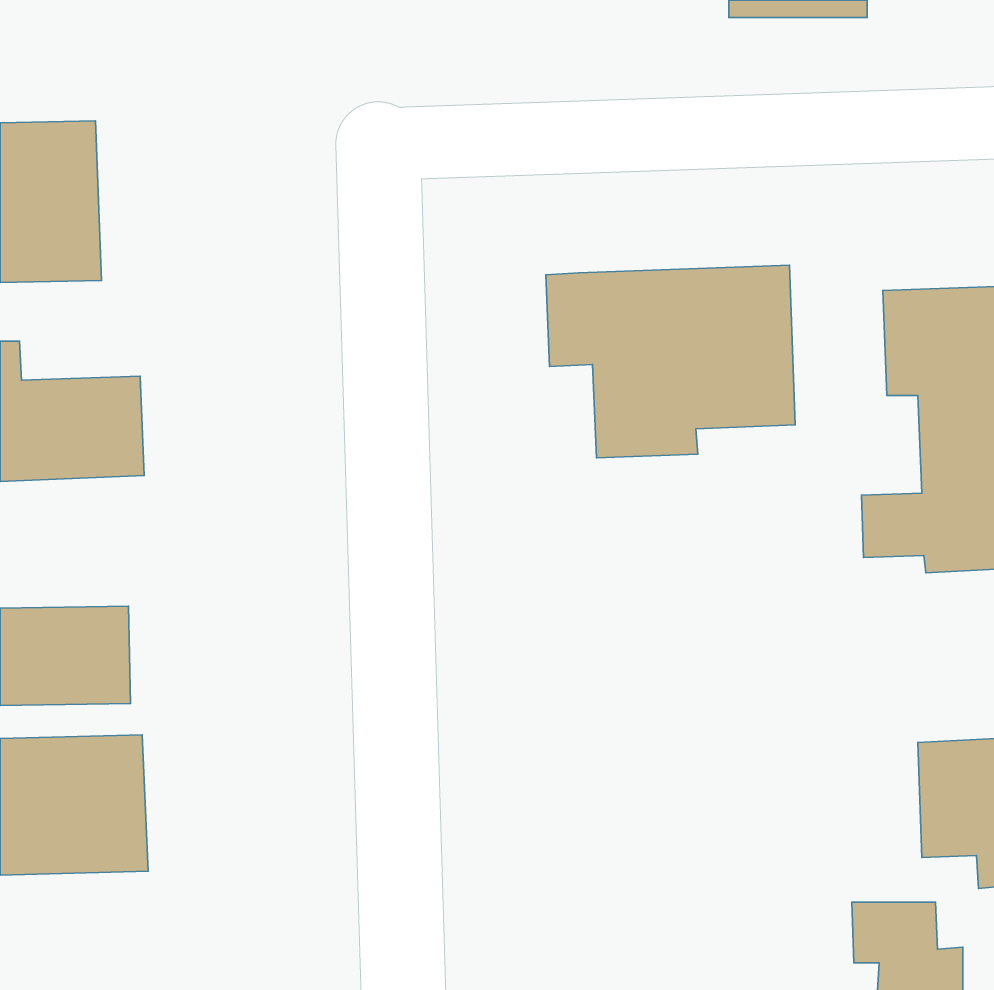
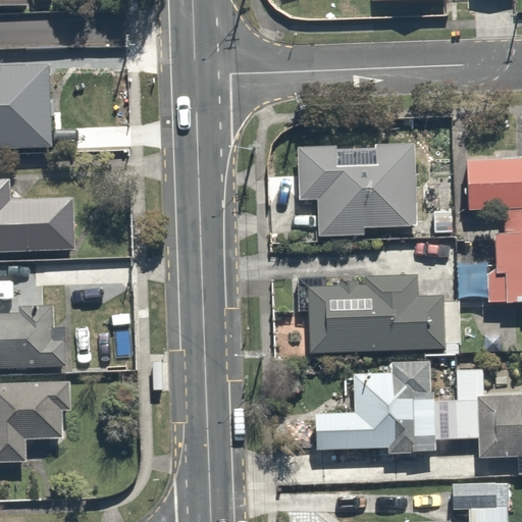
building: none -> [305,266,436,353]
building: none -> [309,368,474,454]

